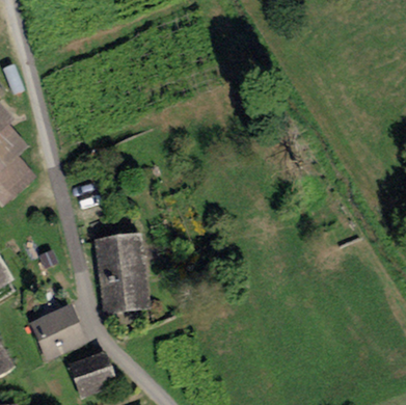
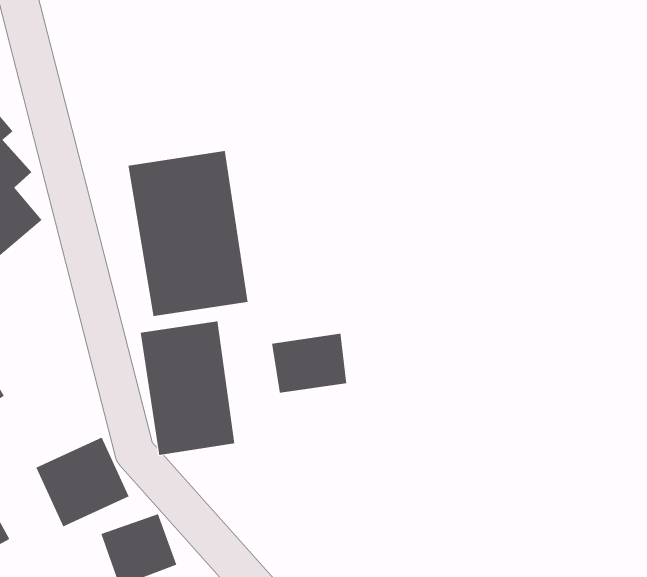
building: none -> [128,150,248,317]
building: none -> [272,333,347,394]

